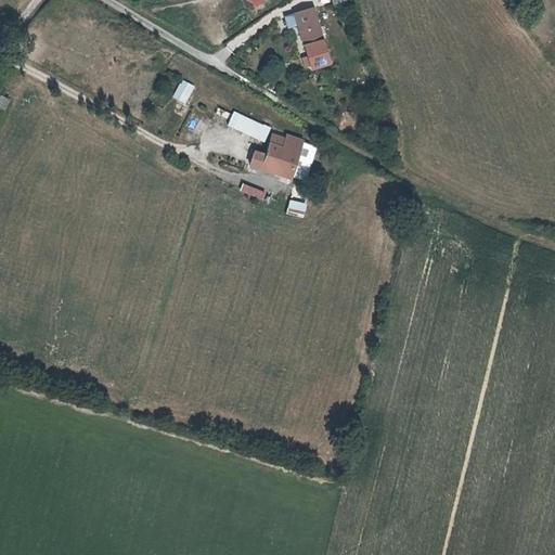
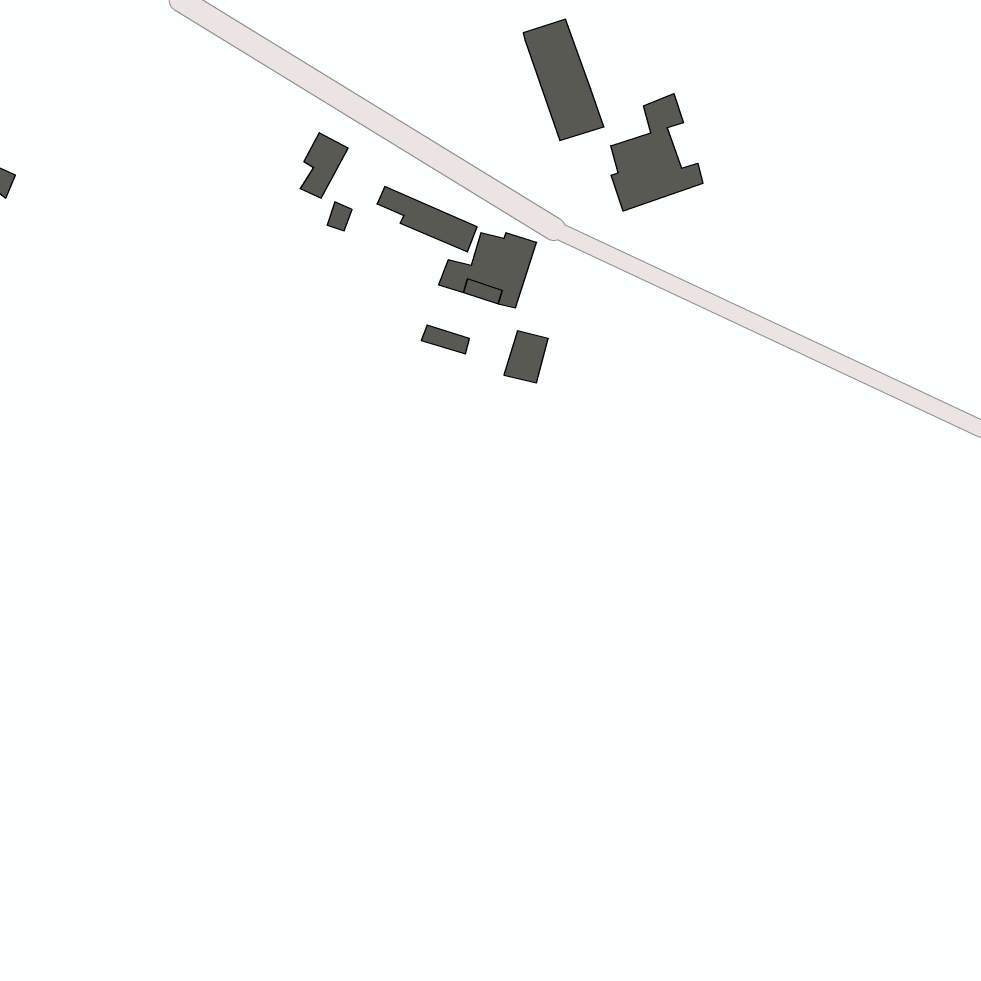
building: none -> [611,94,703,211]

